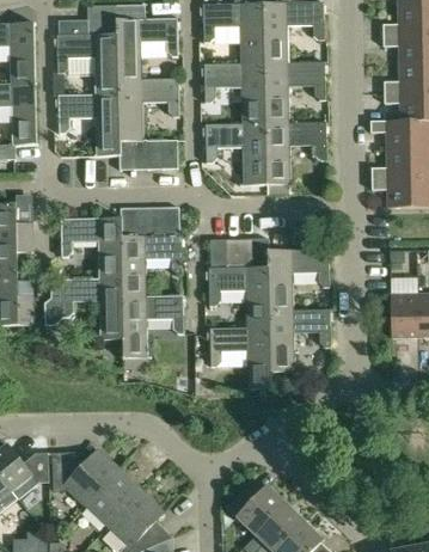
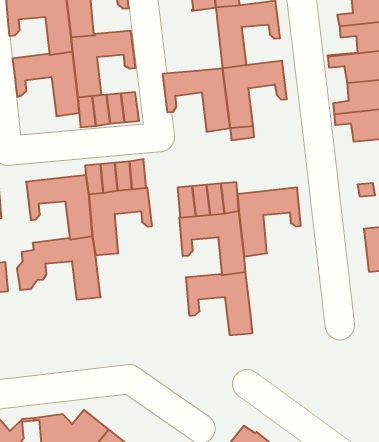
building: [204,63,265,124] -> none
building: [123,295,183,358] -> none
building: [270,309,330,372] -> none

